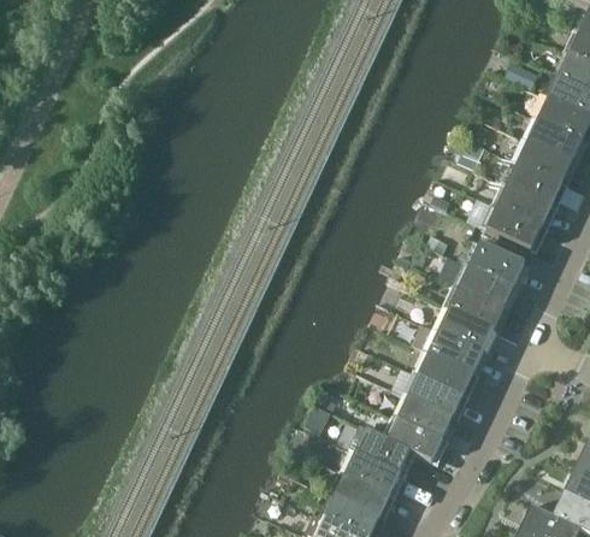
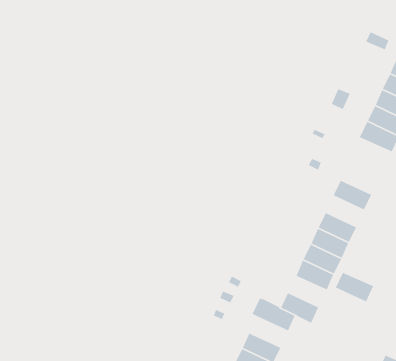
building: [485,208,541,252] -> none
building: [470,244,524,287] -> none
building: [449,288,502,331] -> none
building: [397,399,452,441] -> [335,272,374,303]
building: [344,454,399,496] -> none

